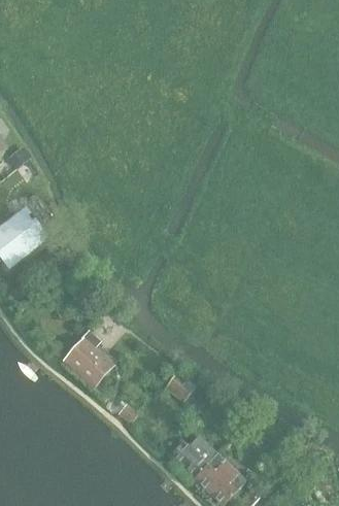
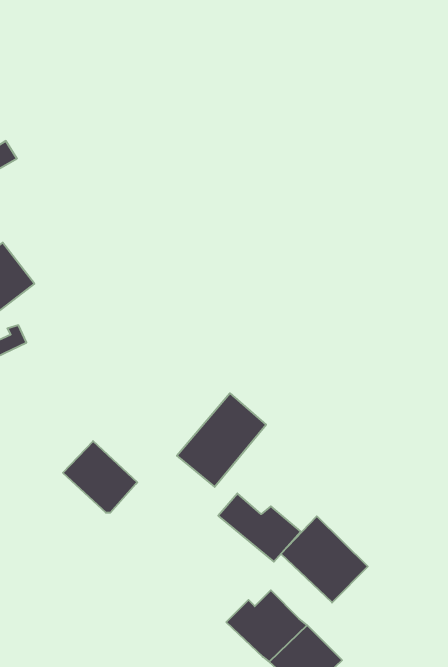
building: none -> [177,393,266,487]
building: none -> [281,516,368,603]

